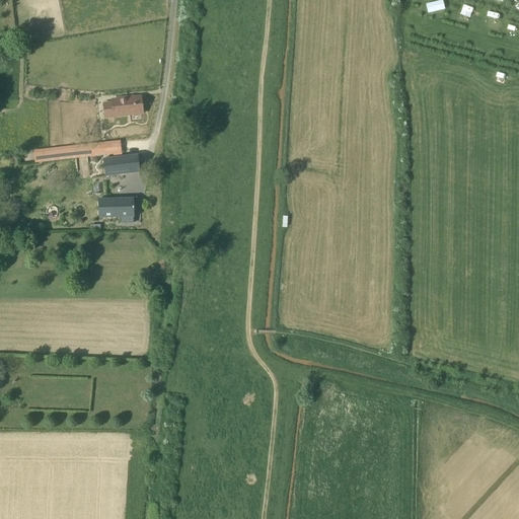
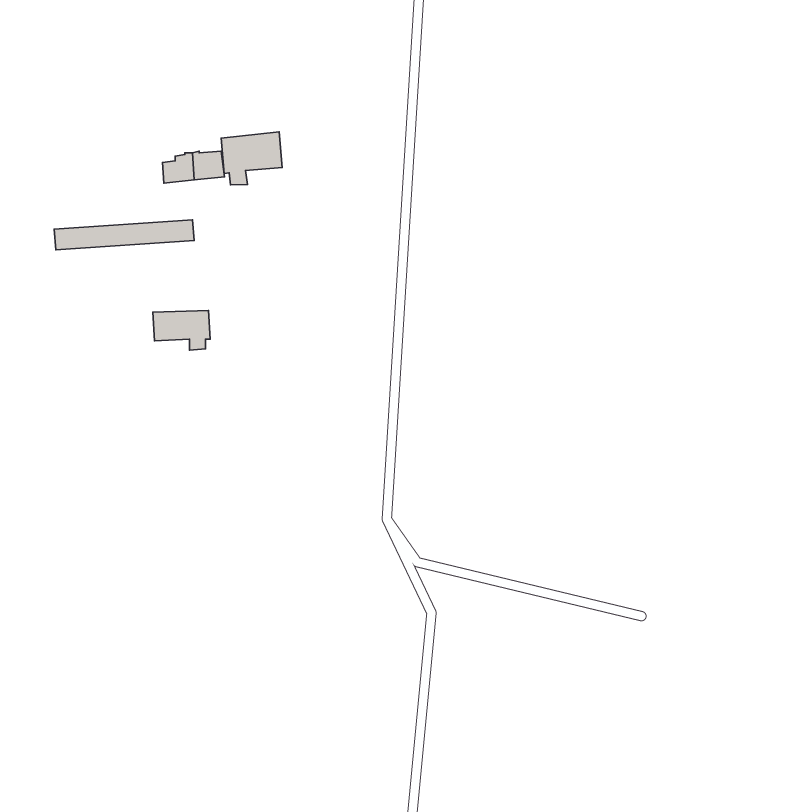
building: none -> [221,132,282,185]
building: [103,154,141,175] -> none

